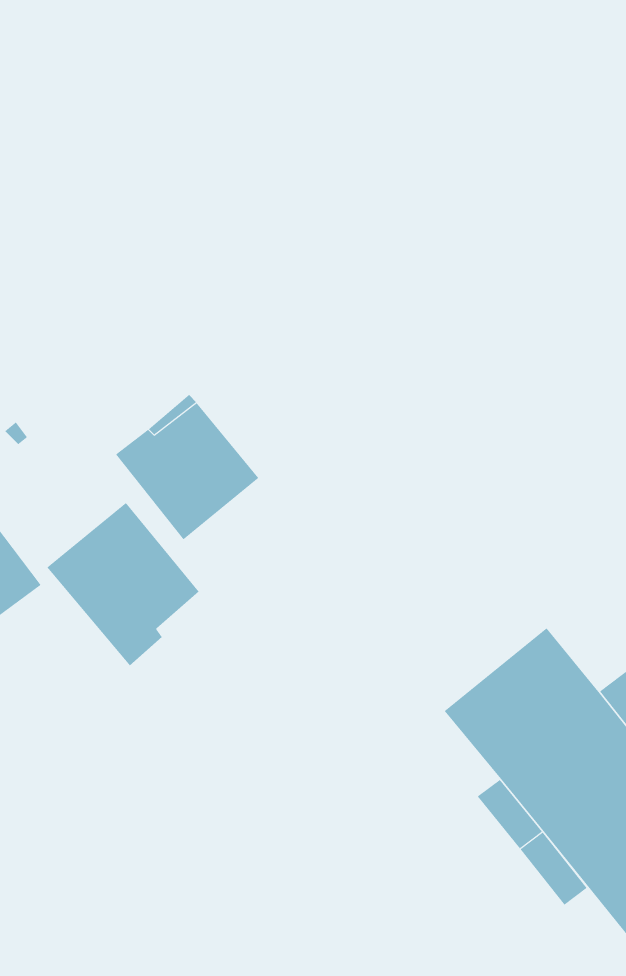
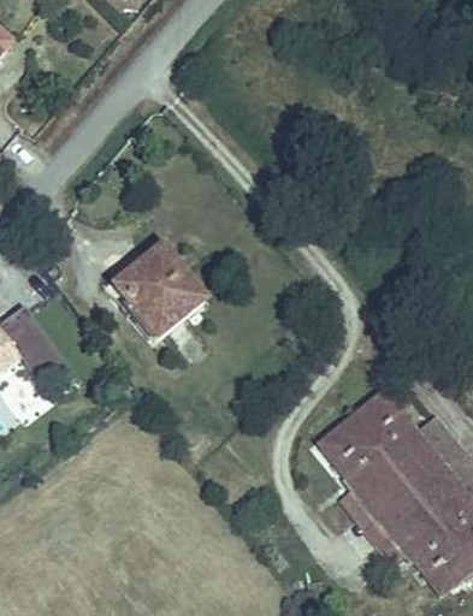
building: [46,502,199,666] -> none

